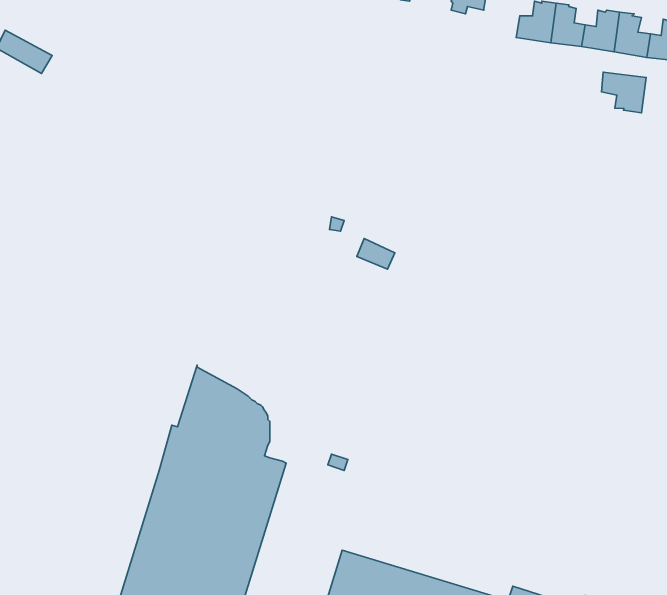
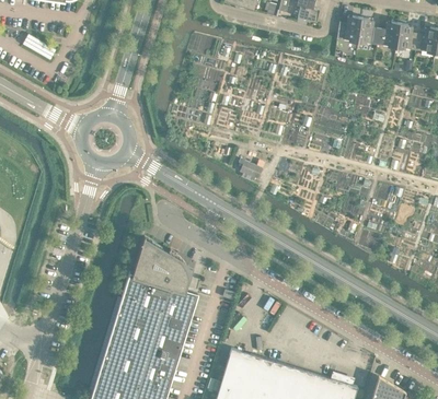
building: [601,72,646,113] -> none

